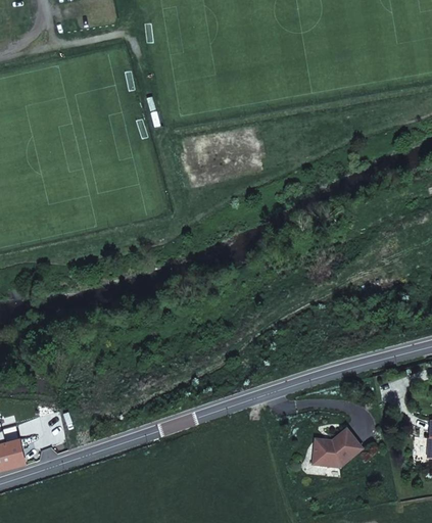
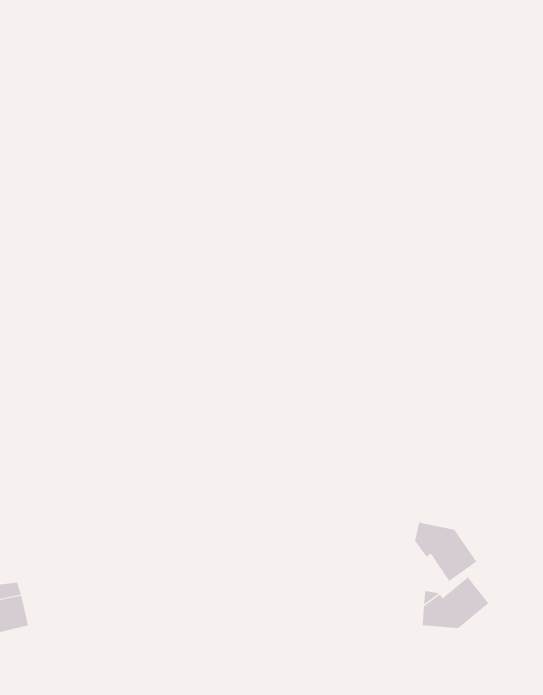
building: none -> [414,522,477,582]

